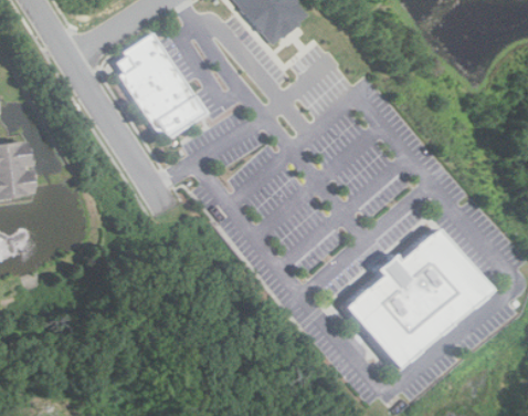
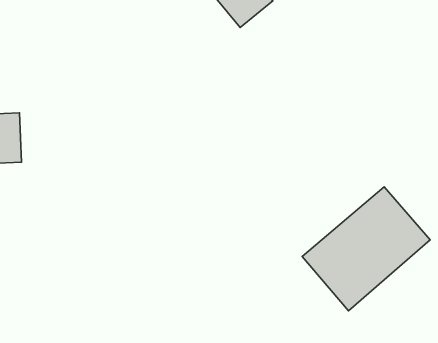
building: [116,30,203,137] -> none

